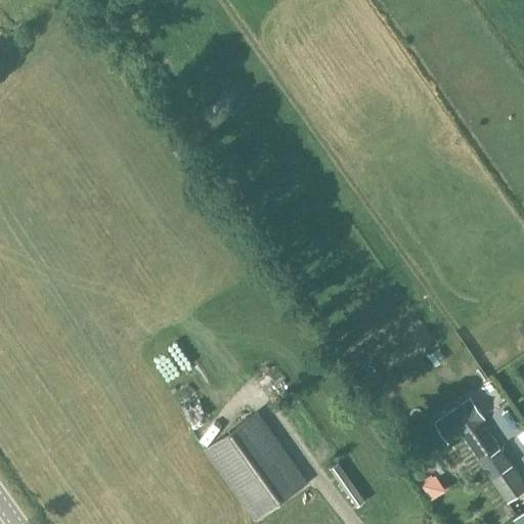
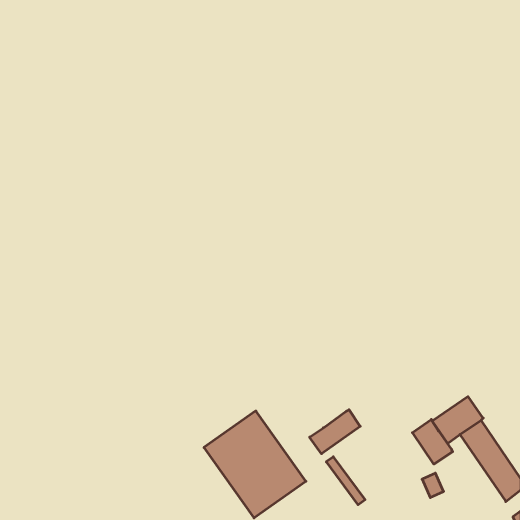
building: none -> [310,410,360,454]
building: none -> [412,419,453,464]

